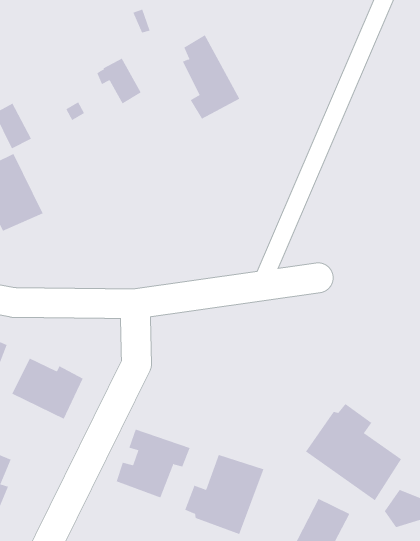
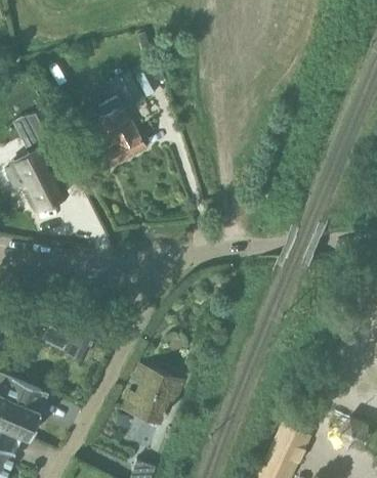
building: [182,34,240,119] -> [98,98,144,166]
building: [305,403,402,501] -> none
building: [185,454,264,535] -> none

